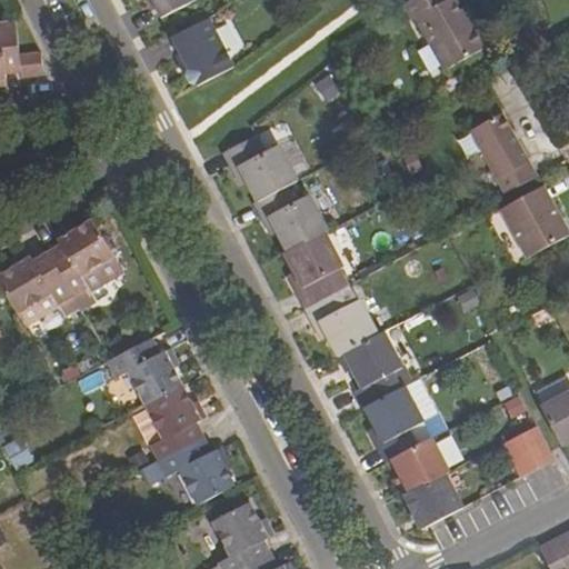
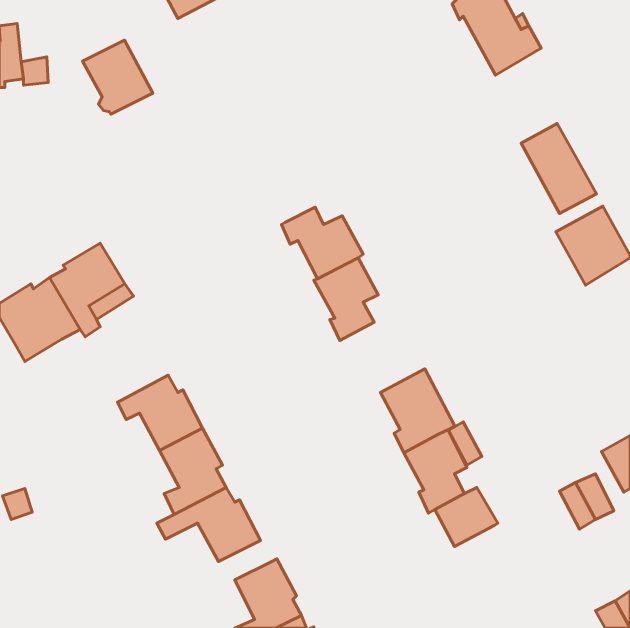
building: [171,18,234,84] -> [82,40,153,114]
building: [222,136,296,200] -> none
building: [306,290,376,356] -> none
building: [403,473,461,529] -> none

